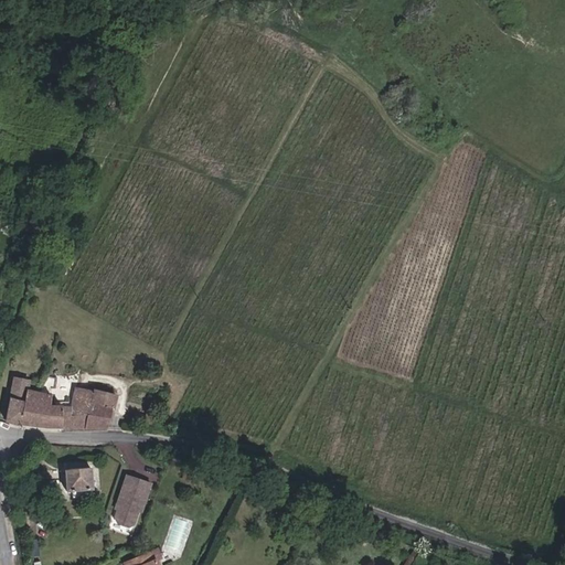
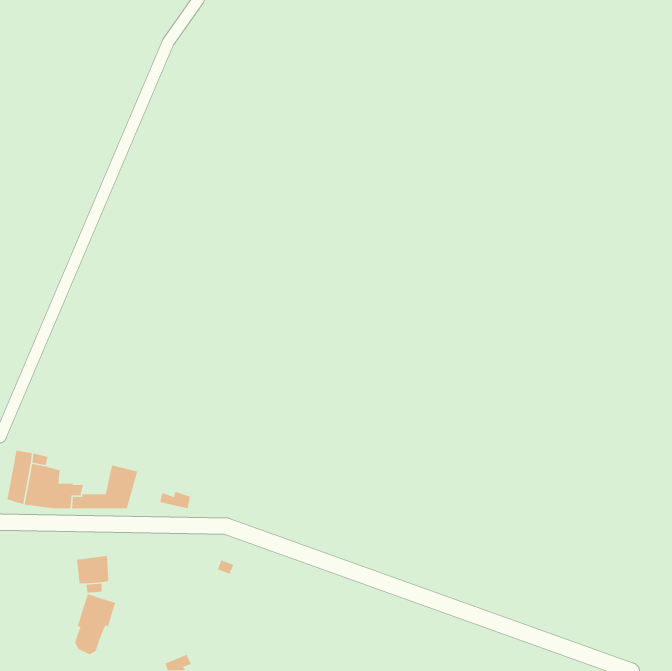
building: [68,388,93,414] -> none
building: [115,475,150,526] -> [74,593,116,655]

